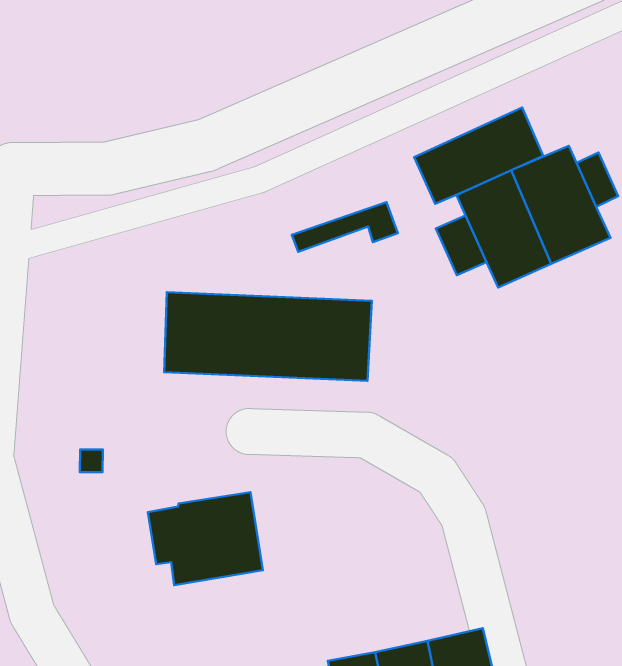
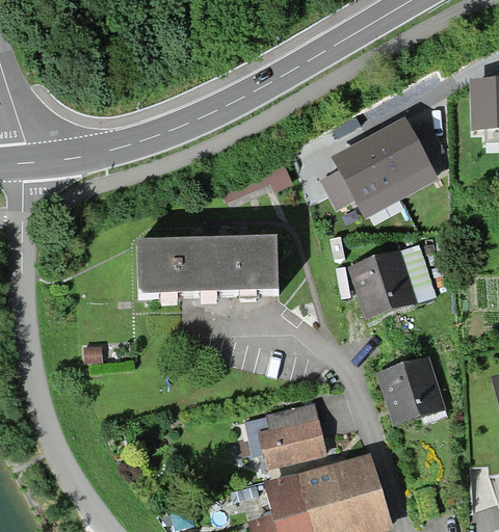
building: [414,107,543,204] -> none
building: none -> [350,245,437,320]
building: [148,492,263,585] -> [244,403,326,471]
building: none -> [375,357,445,426]

